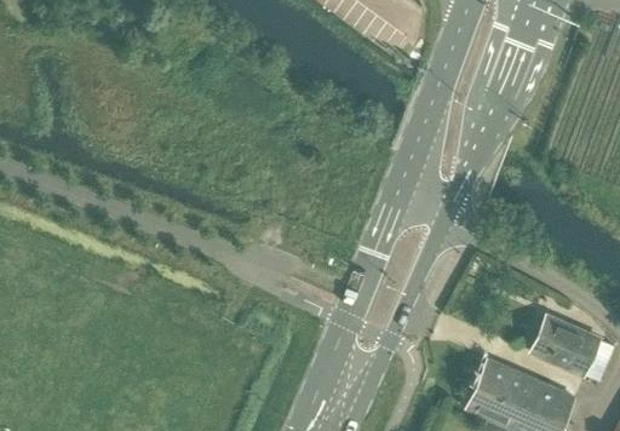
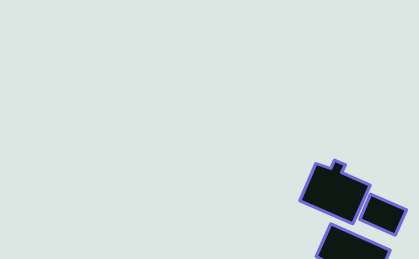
building: none -> [300,160,370,224]

